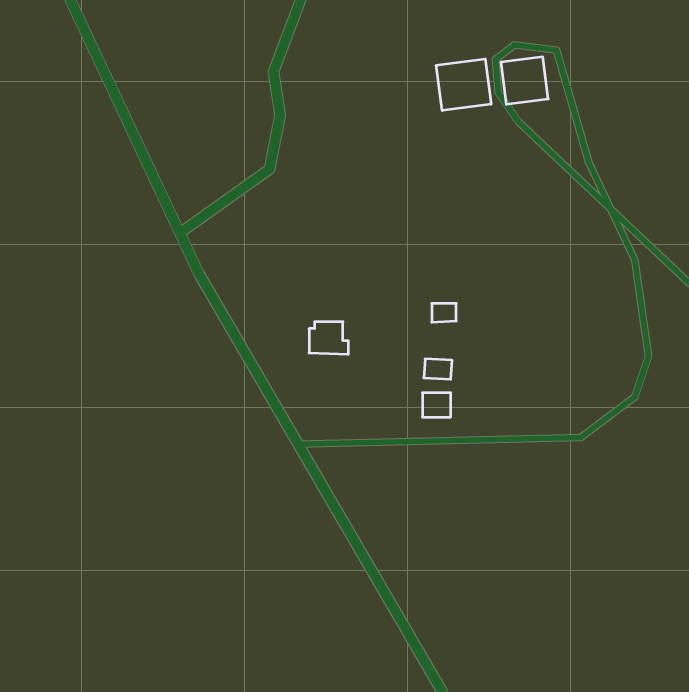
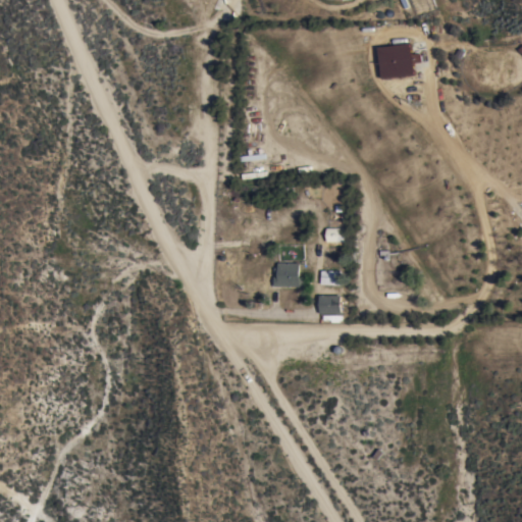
building: [436,59,491,111] -> none
building: [309,322,348,354] -> [272,263,302,288]

